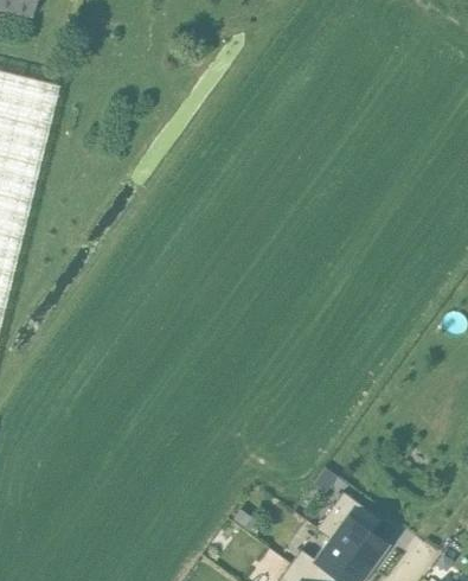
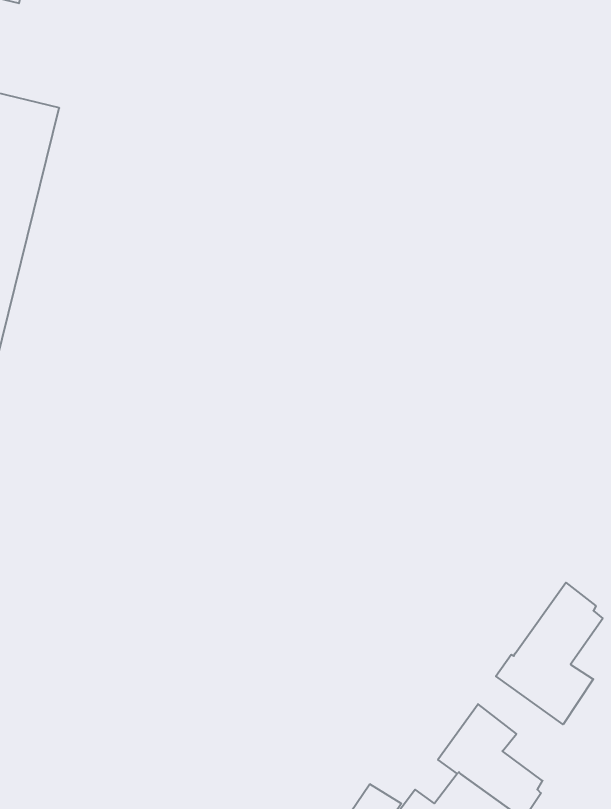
building: none -> [496,583,603,724]

